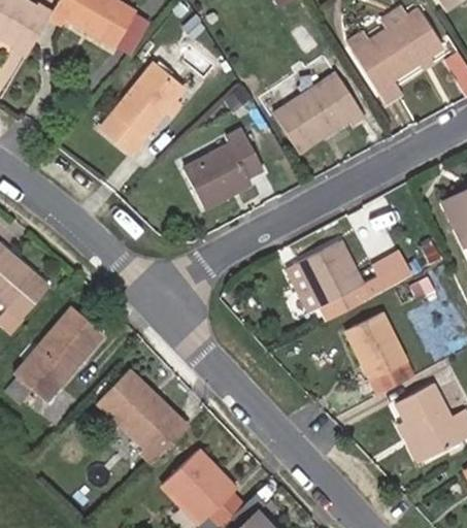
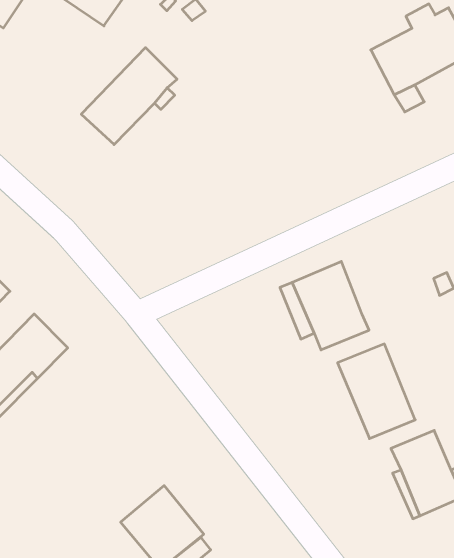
building: [273,73,365,153] -> none
building: [182,129,263,207] -> none
building: [361,251,412,299] -> none
building: [96,370,185,463] -> none

